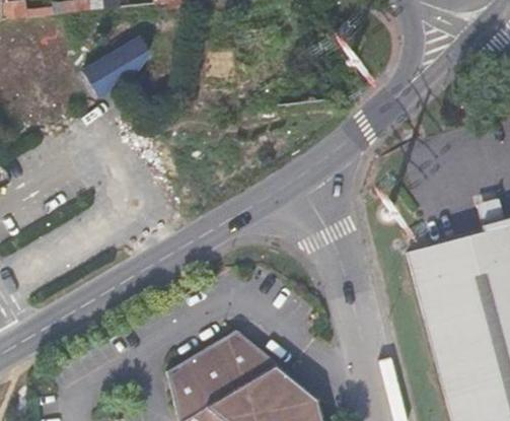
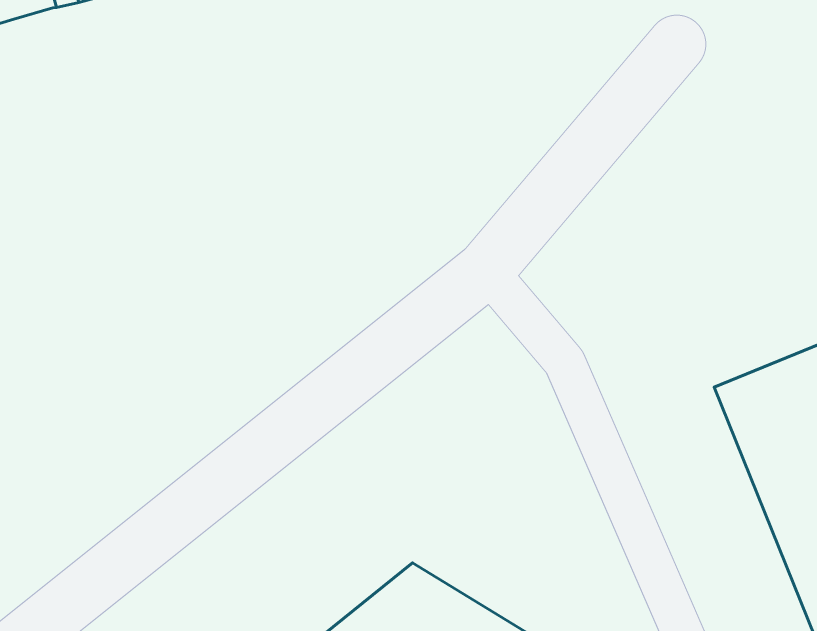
building: [79,34,146,96] -> none

